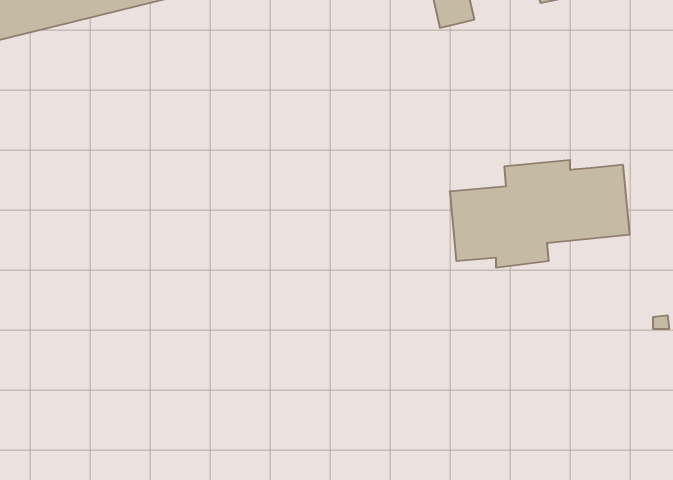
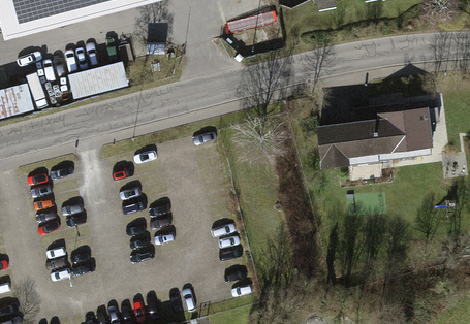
building: none -> [66,63,129,101]

